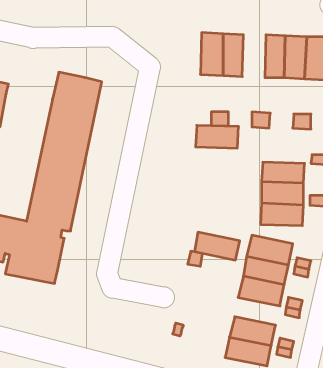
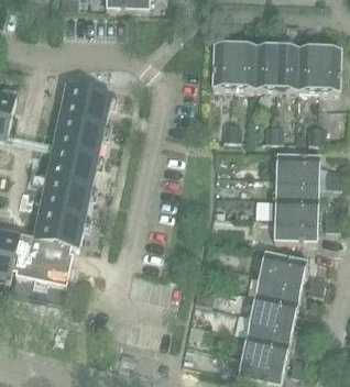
building: none -> [255,44,280,88]
building: [196,125,239,148] -> [276,153,320,176]
building: [195,232,240,260] -> [248,313,294,342]

